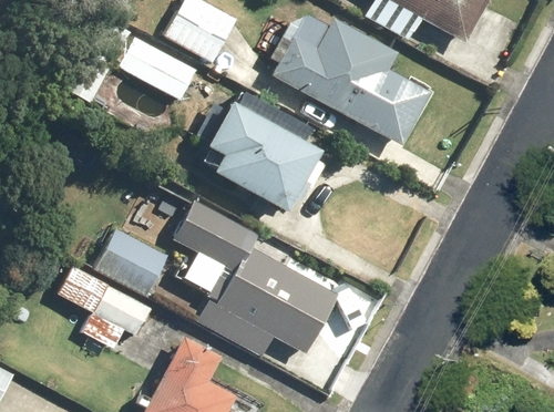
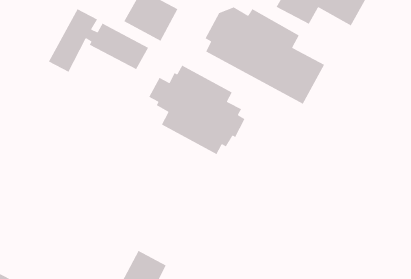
building: [174,200,338,357] -> none
building: [94,228,168,296] -> none
building: [58,266,152,349] -> none

